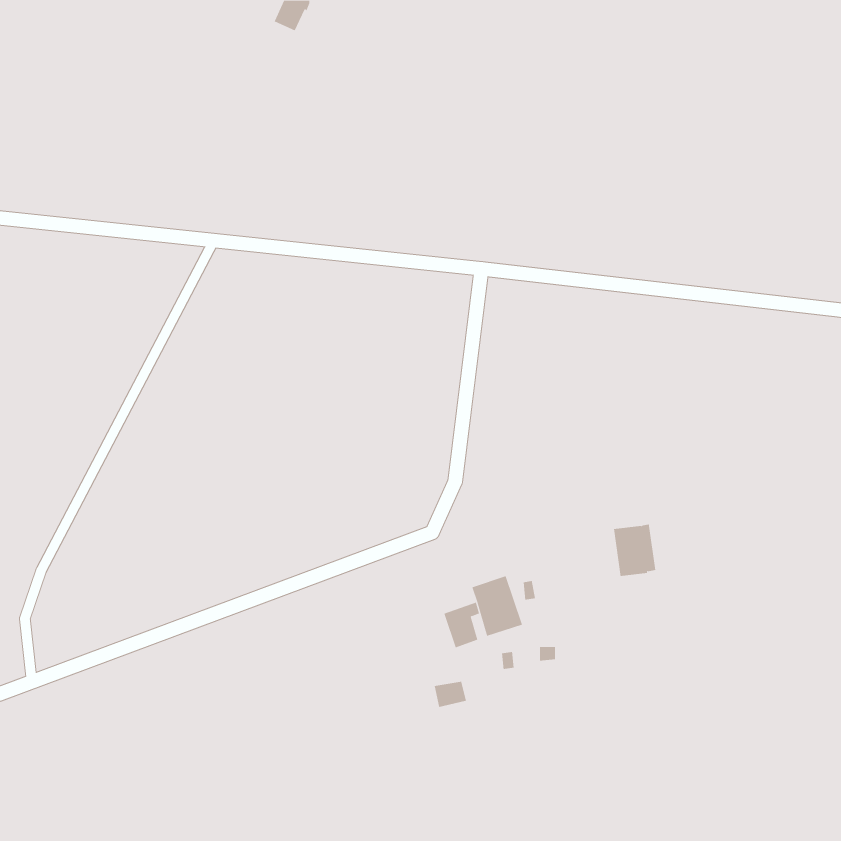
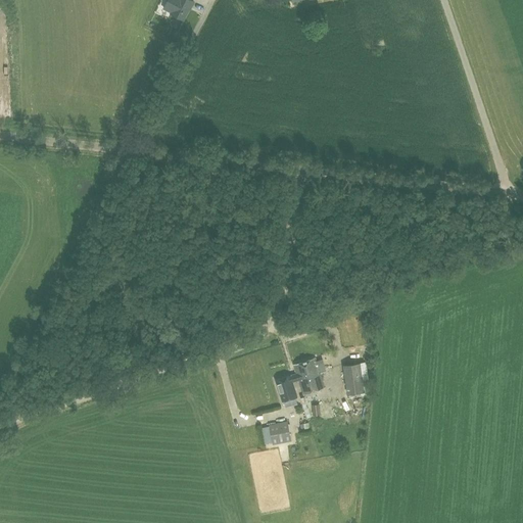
building: [613,524,656,577] -> [341,363,368,395]

